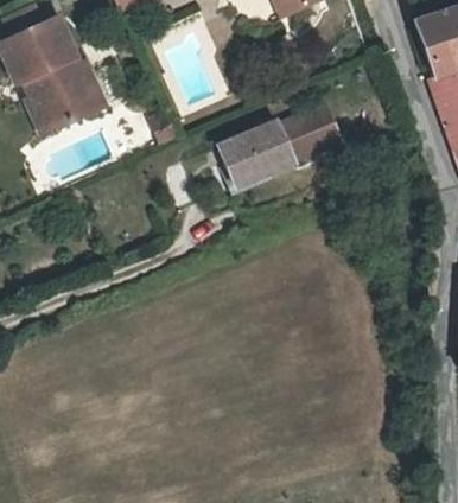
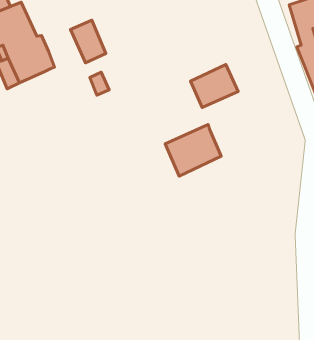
building: none -> [70,20,106,63]
building: [224,117,300,187] -> [165,125,221,176]

